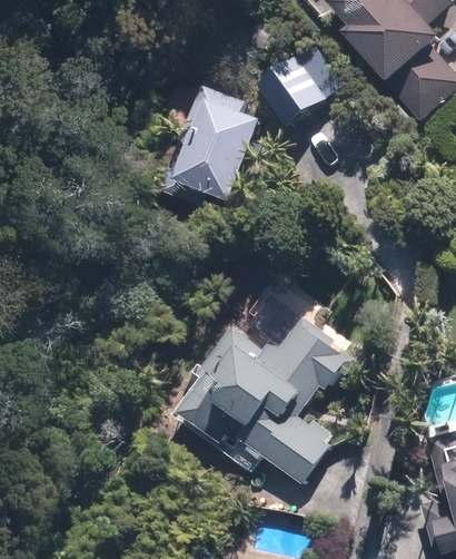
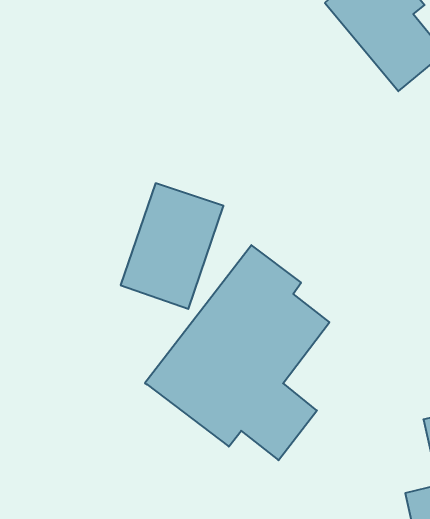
building: [258,55,345,127] -> none
building: [165,86,266,209] -> [121,183,224,309]

